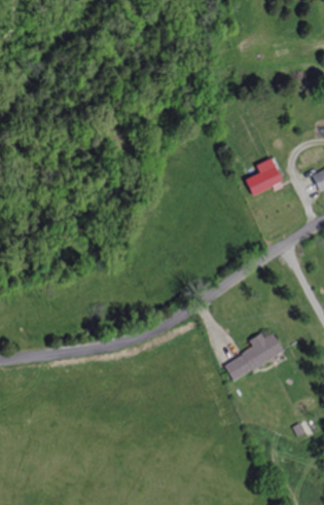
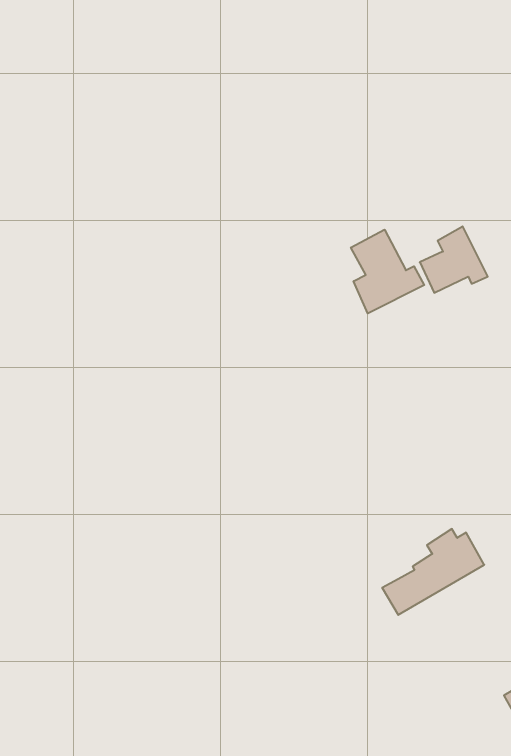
building: none -> [351,230,424,313]

